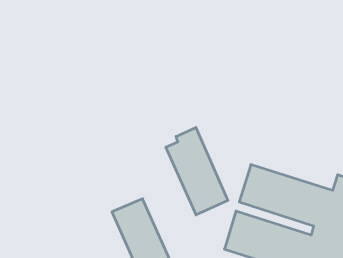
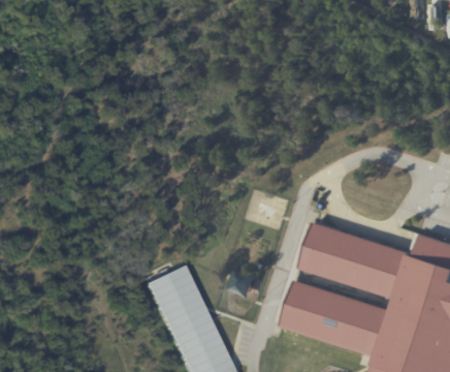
building: [166,127,228,215] -> none

